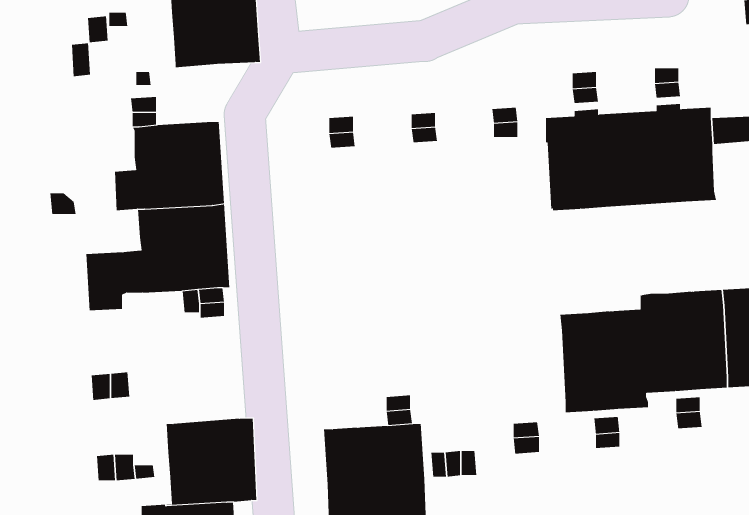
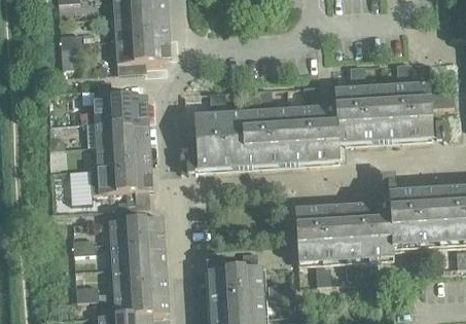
building: none -> [193,106,338,171]
building: none -> [294,205,345,264]
building: none -> [112,216,166,267]

